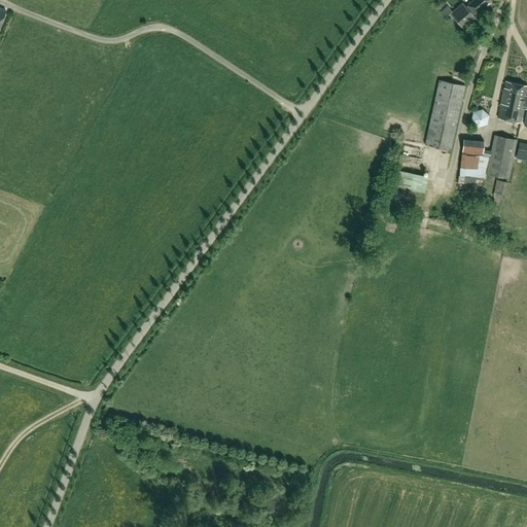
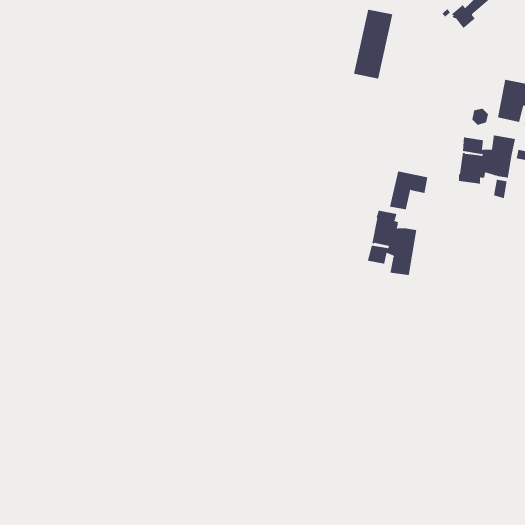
building: [425,78,465,148] -> [353,9,393,79]
building: none -> [367,210,417,276]

